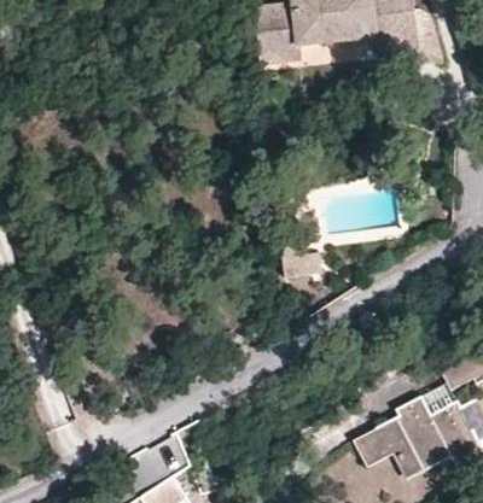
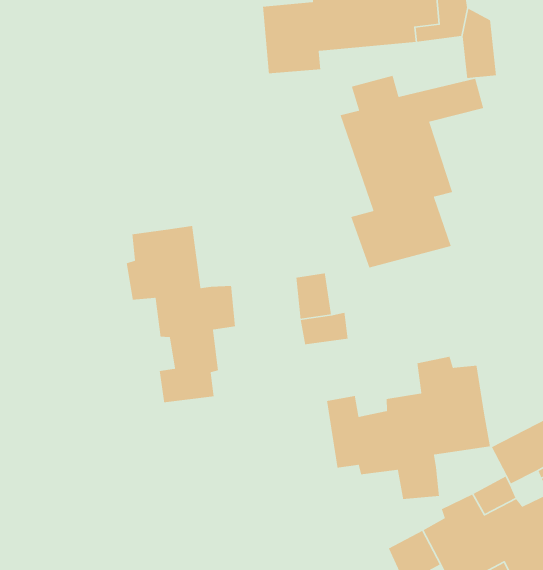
building: none -> [340,75,484,269]
building: none -> [126,225,236,403]
building: none -> [326,356,491,500]

